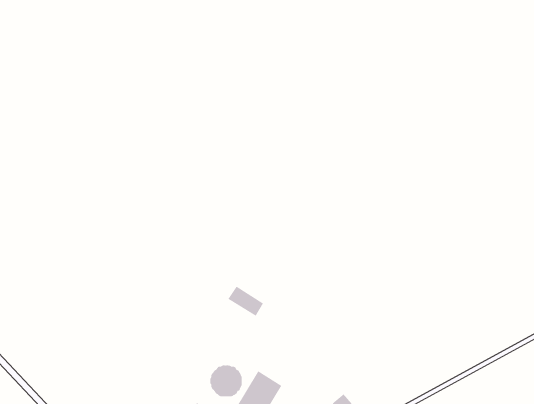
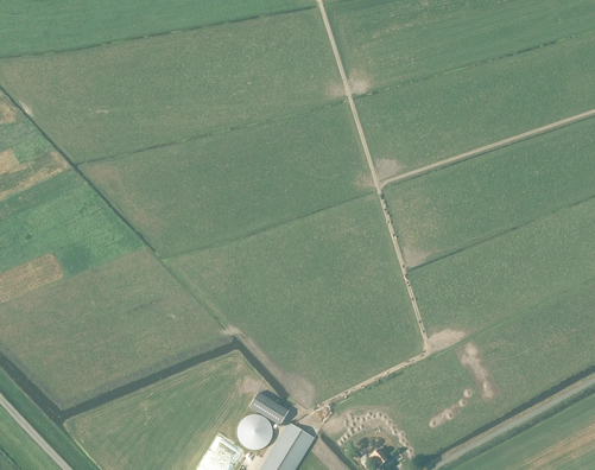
building: [227,286,264,317] -> [248,392,287,425]

